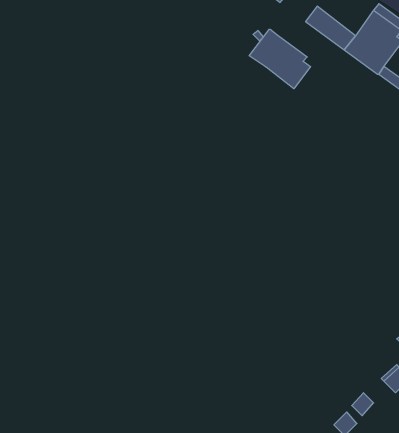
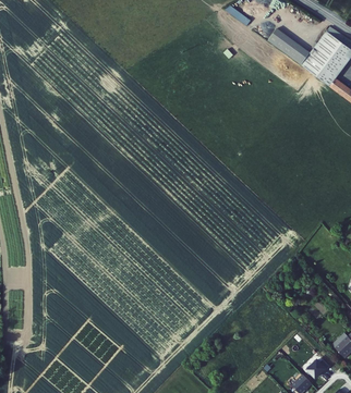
building: [249,29,311,89] -> none

